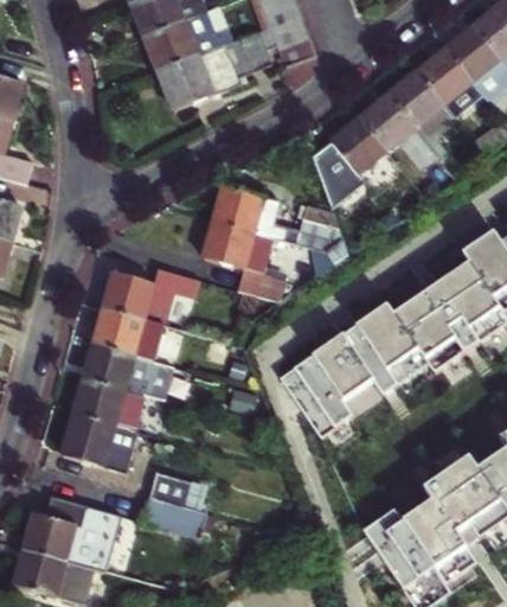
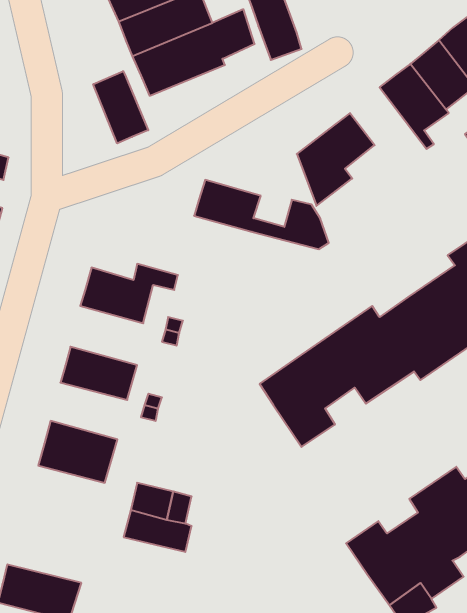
building: none -> [93,71,148,143]
building: [359,94,434,168] -> none
building: [201,217,285,292] -> none
building: [92,304,163,359] -> none
building: [73,377,147,432] -> none
building: [32,498,124,571] -> none

